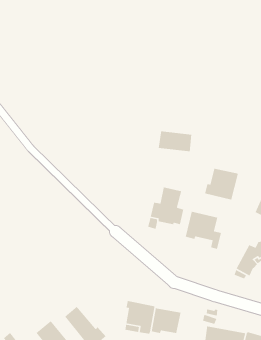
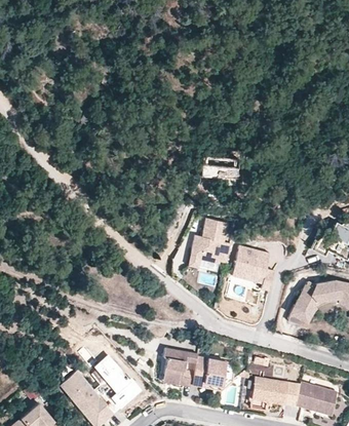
building: [204,168,239,201] -> none

